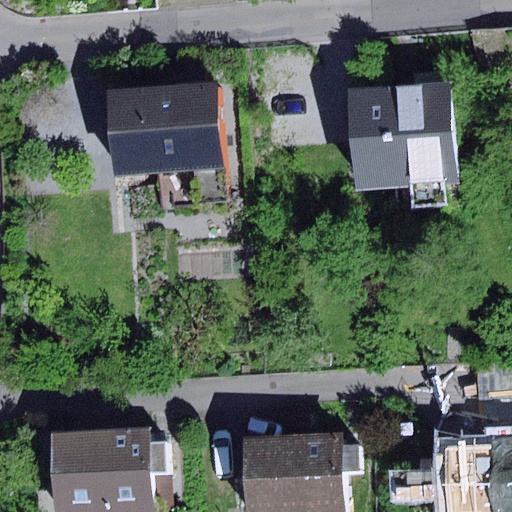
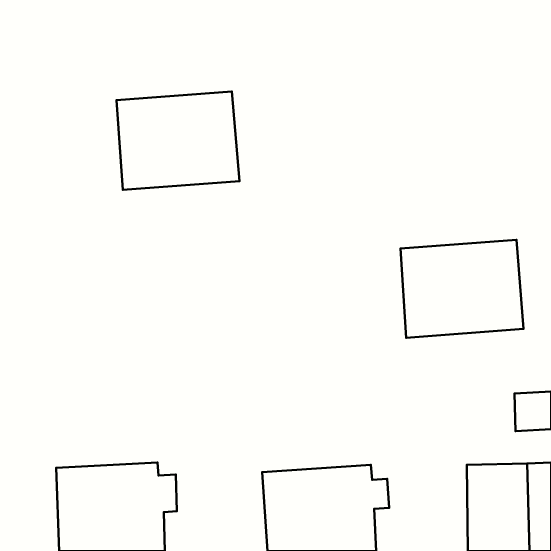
building: [347,84,459,212] -> none
building: none -> [400,240,523,338]

